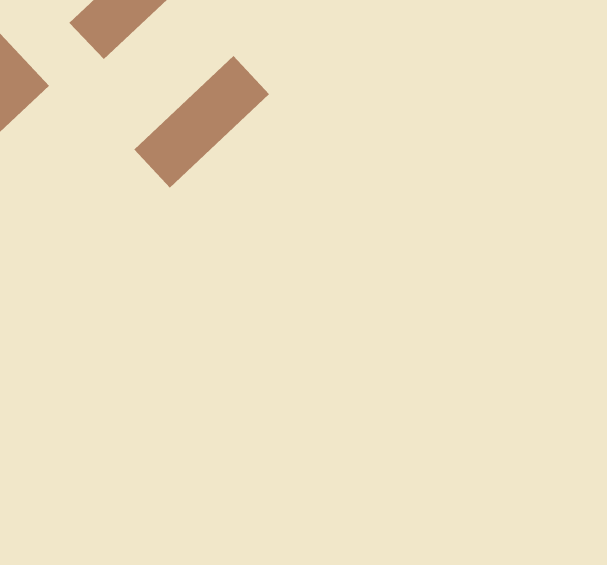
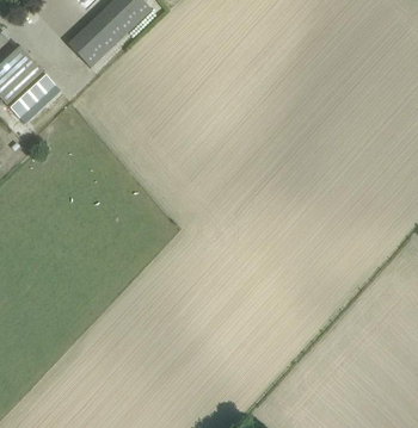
building: [133,55,270,188] -> none

